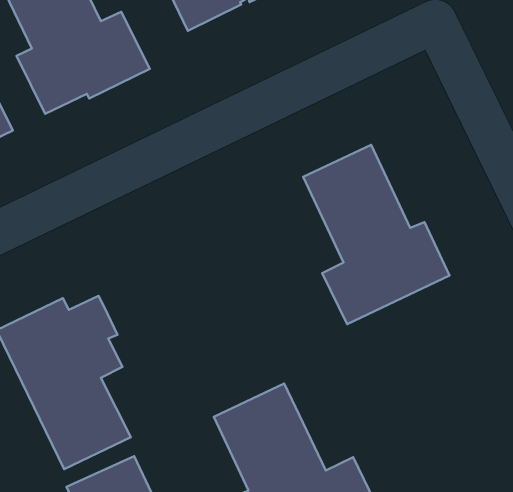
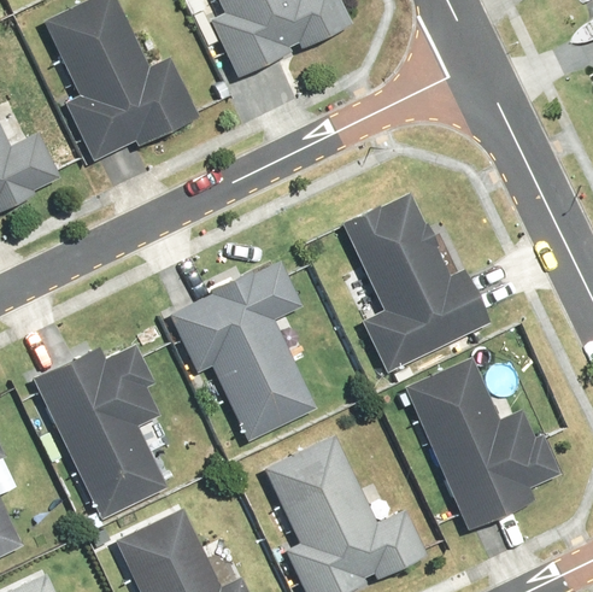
building: none -> [176,262,324,442]
building: none -> [399,356,557,528]

